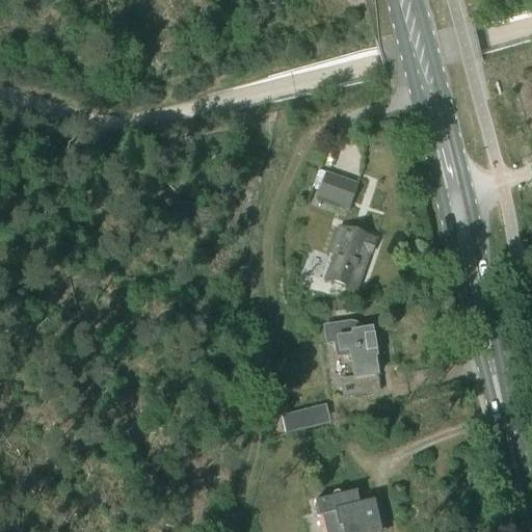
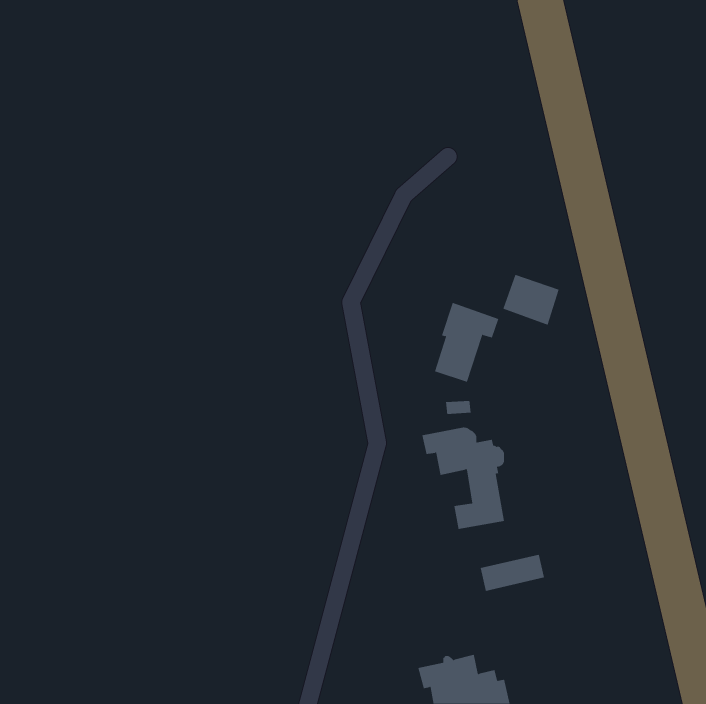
building: [318,167,361,206] -> [503,274,559,326]
building: [283,404,331,432] -> [480,554,545,591]

